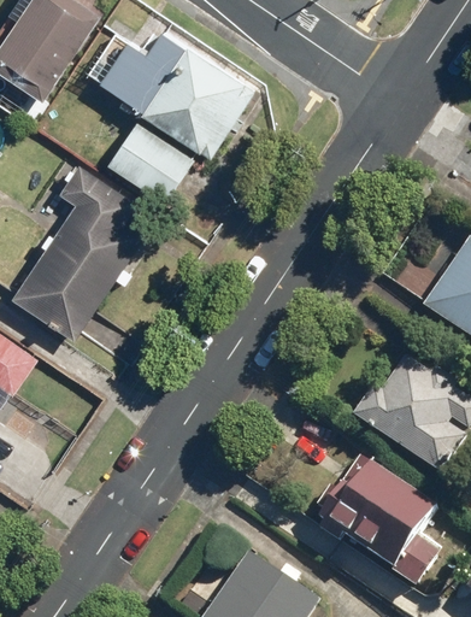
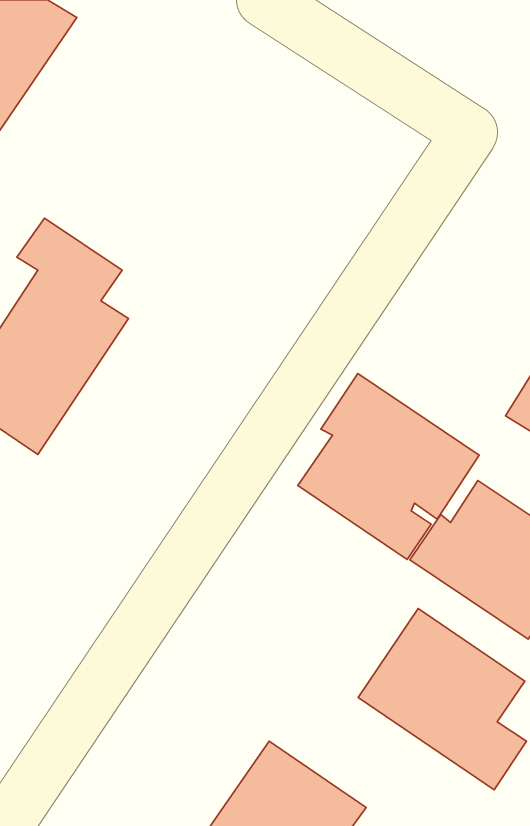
building: [101,30,255,157] -> none
building: [106,118,195,202] -> none
building: none -> [298,374,479,560]

